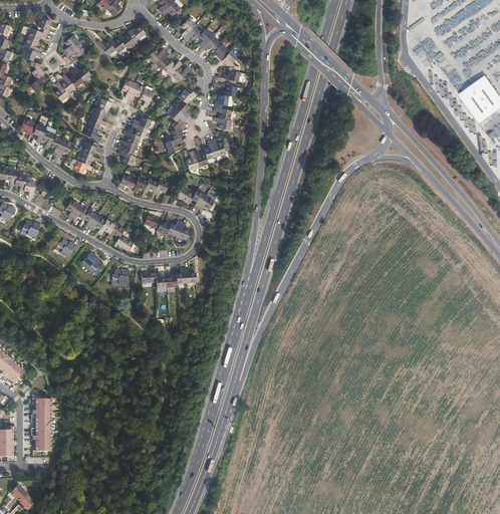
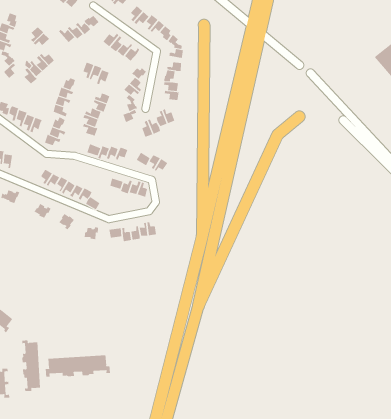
building: none -> [45,355,110,377]

